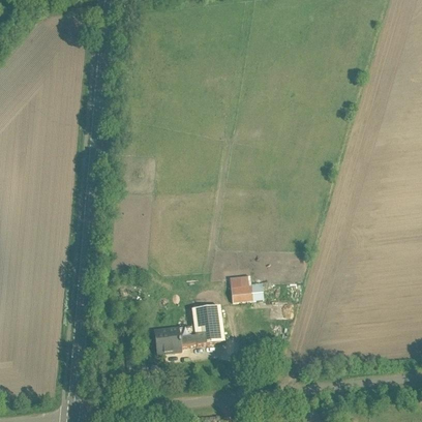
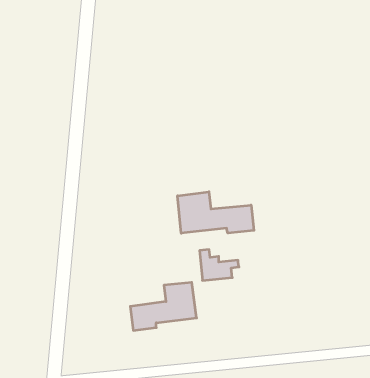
building: none -> [178,192,254,233]

